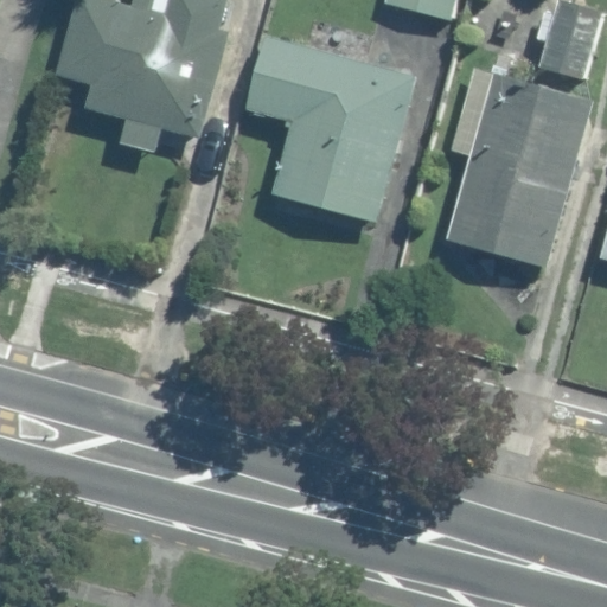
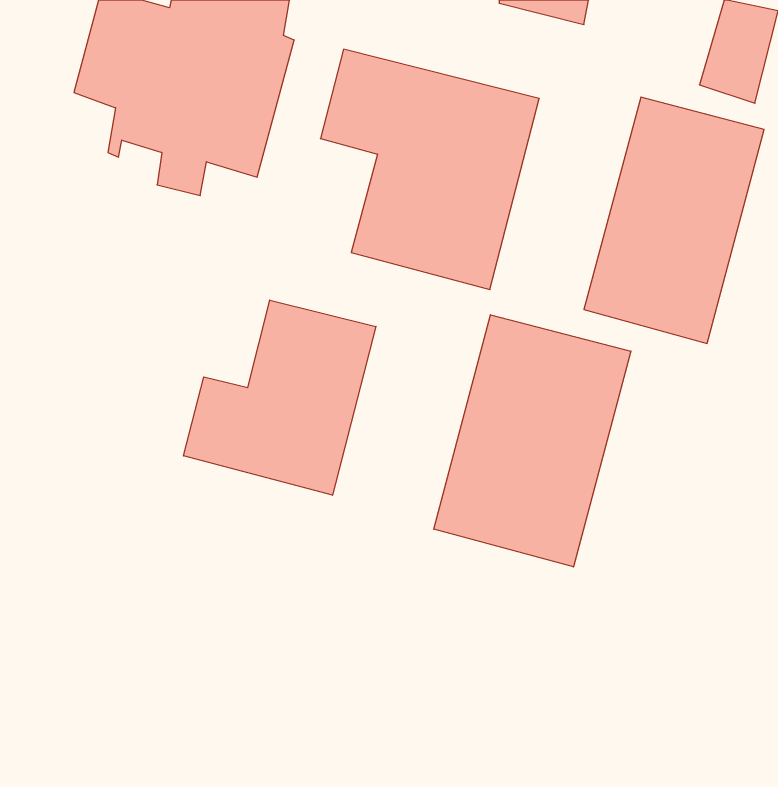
building: none -> [184,300,376,495]
building: none -> [434,315,631,567]

